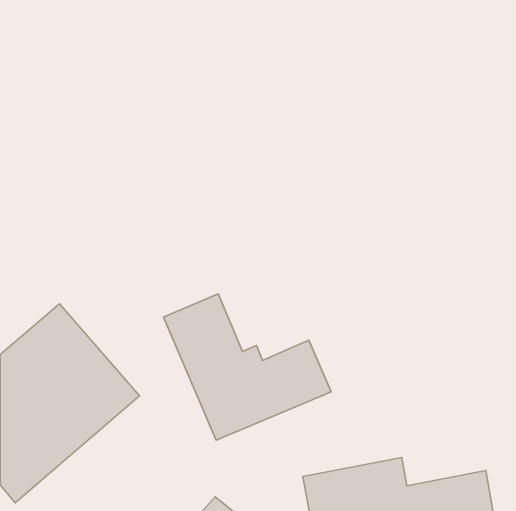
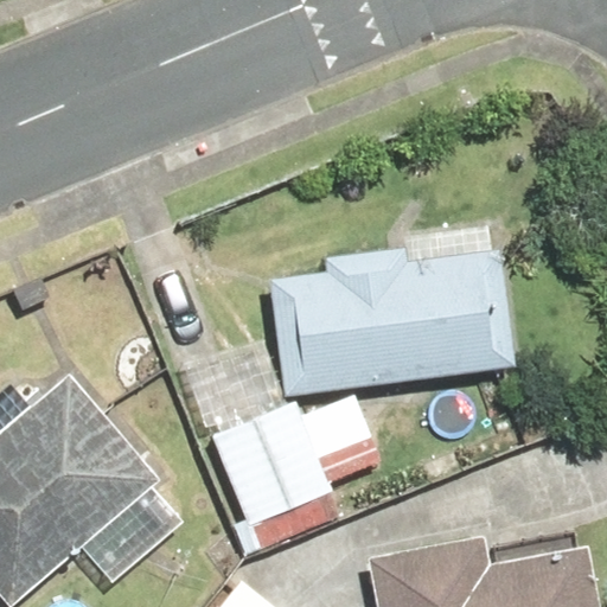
building: none -> [269,248,516,398]

